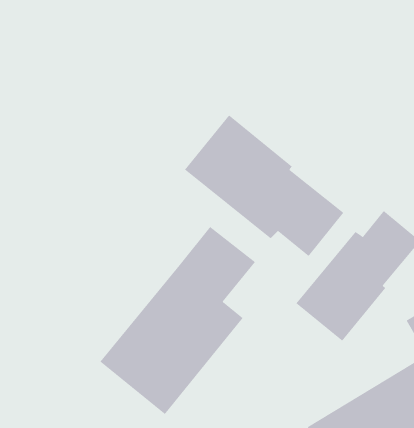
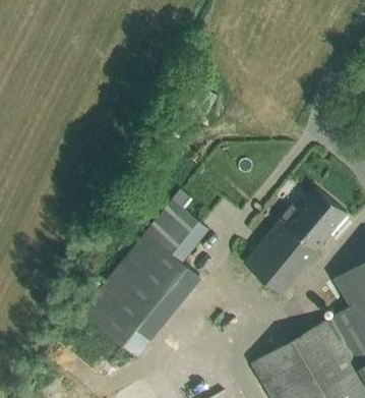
building: [184,114,344,257] -> none

